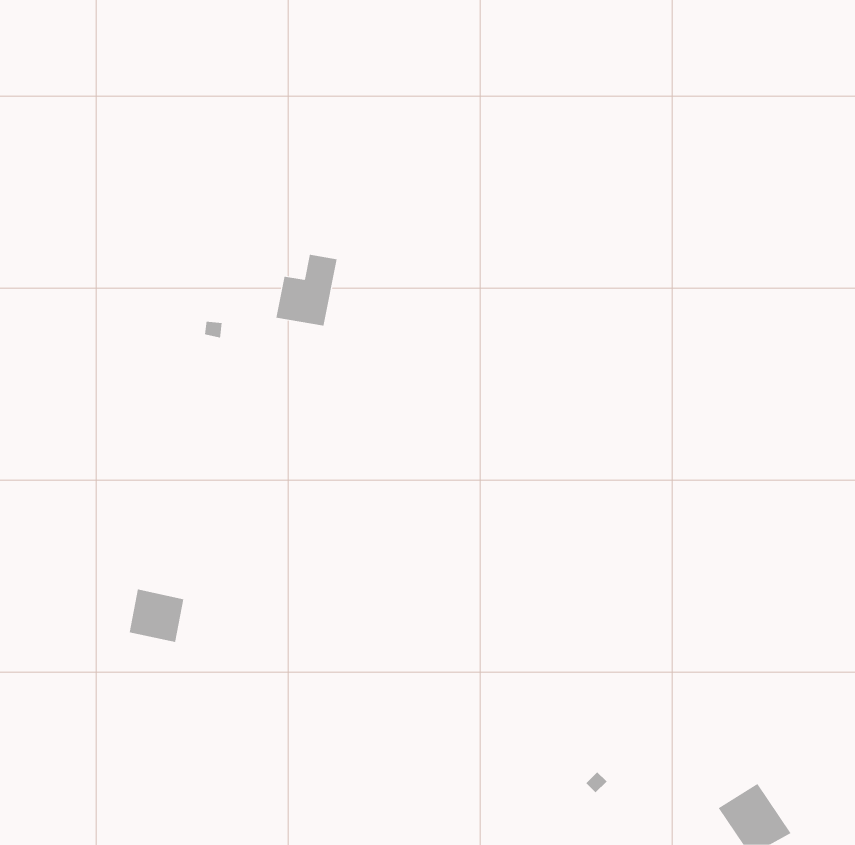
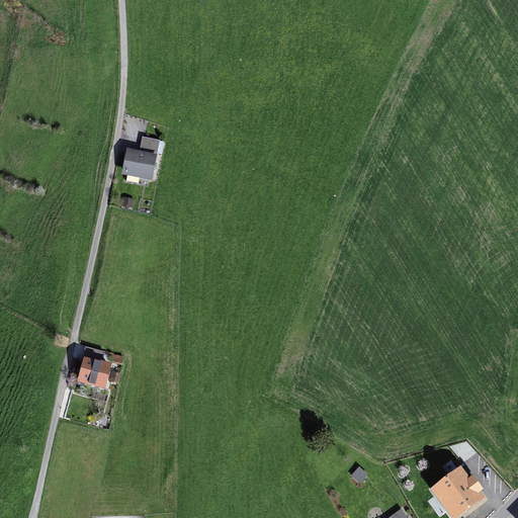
building: [276,254,338,326] -> [122,133,160,176]

